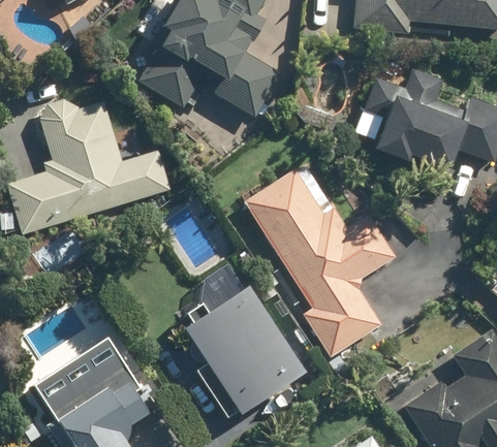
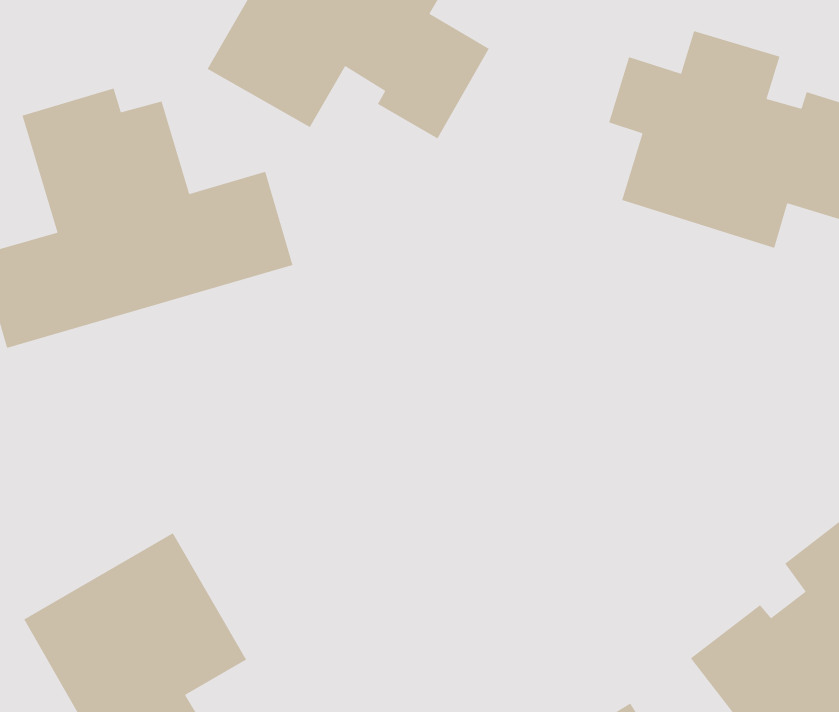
building: [242,169,396,358] -> none
building: [174,276,313,421] -> none

